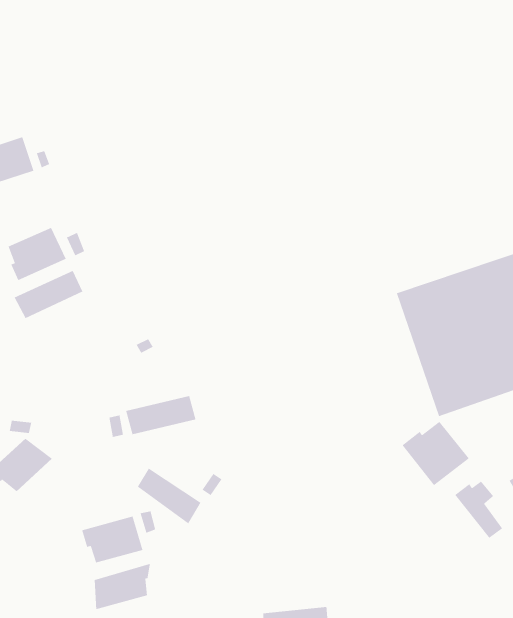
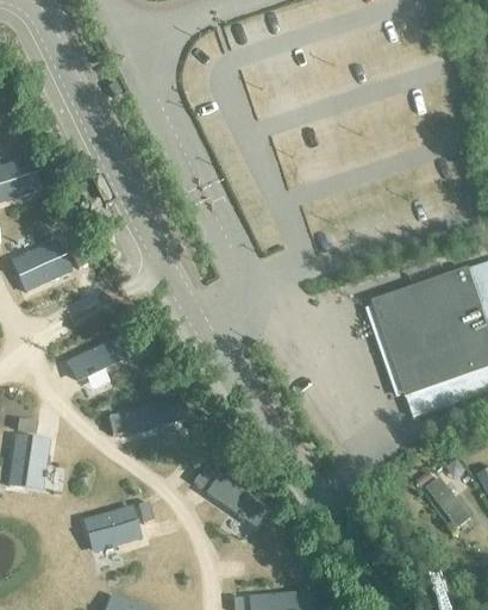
building: [14,270,84,319] -> [64,336,129,381]
building: [401,421,470,486] -> none
building: [137,468,202,525] -> [207,474,267,527]
building: [94,563,151,610] -> none

